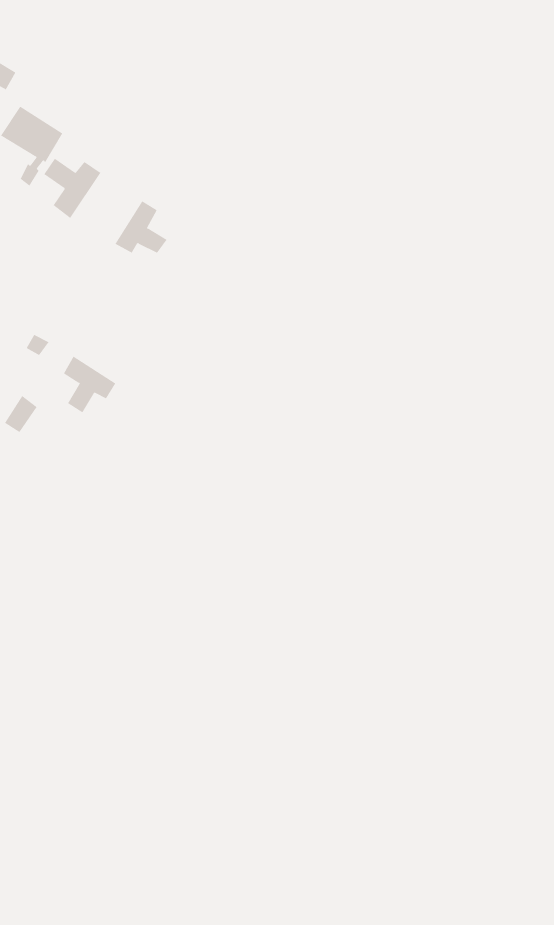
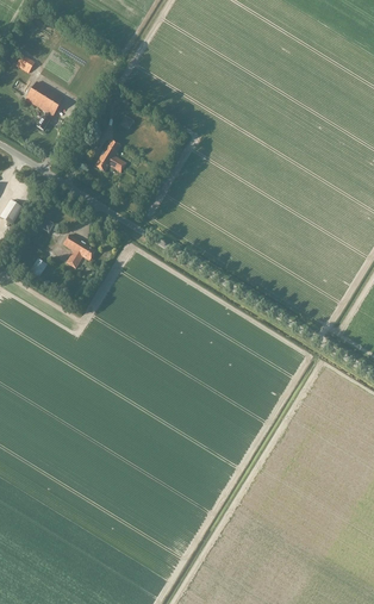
building: [44,158,101,219] -> none

